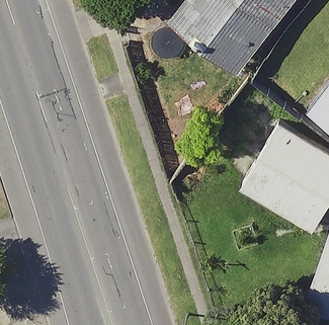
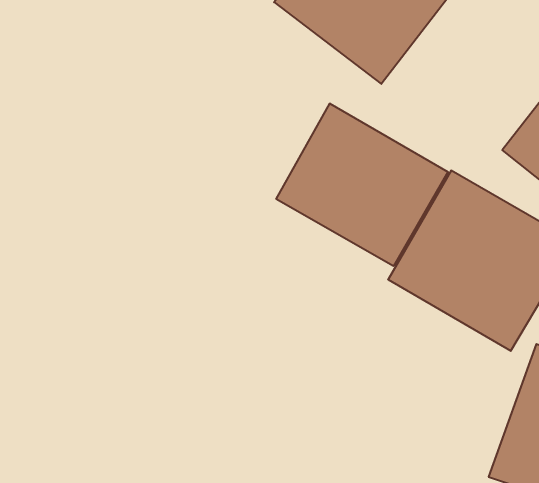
building: none -> [276,103,448,266]

